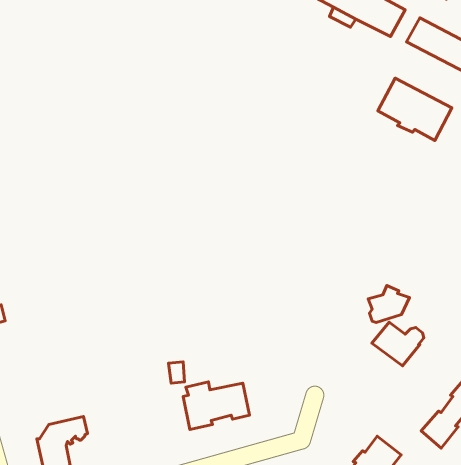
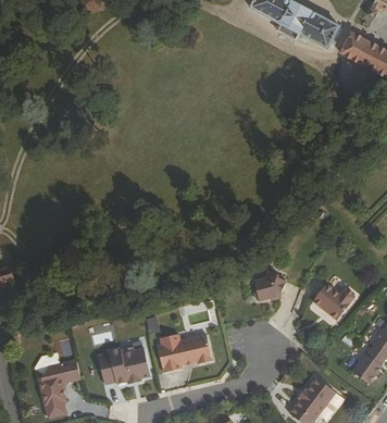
building: [378,78,452,140] -> none
building: [368,285,409,323] -> [251,269,285,299]
building: none -> [98,346,150,382]

